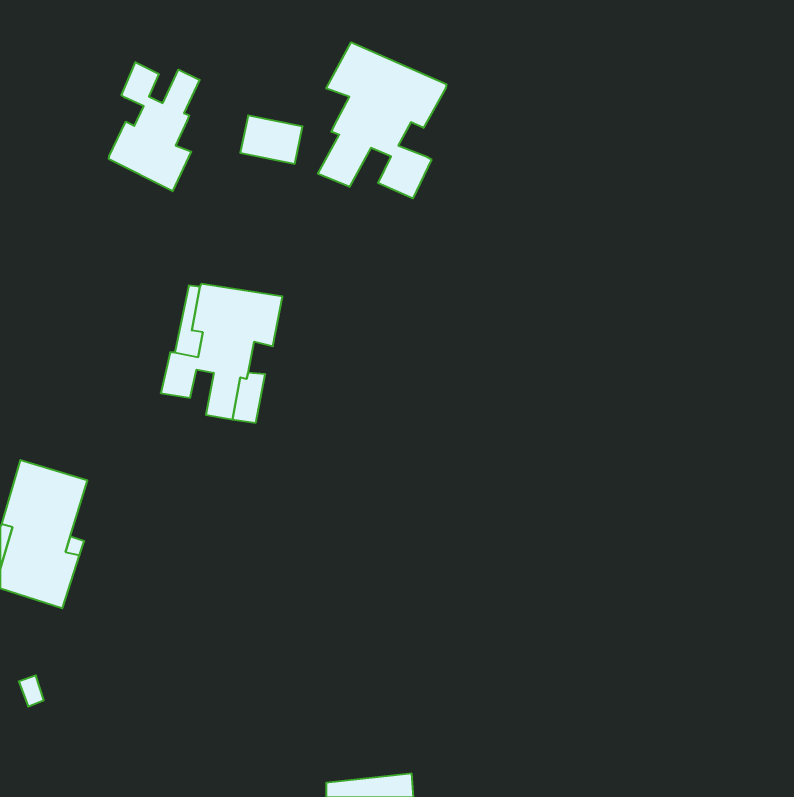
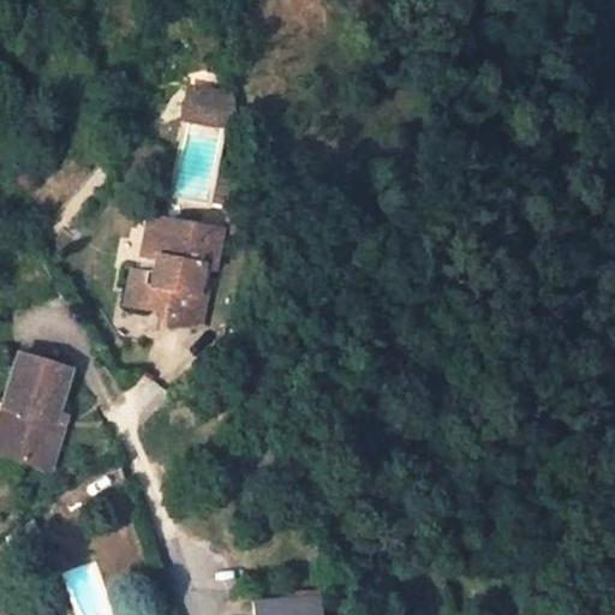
building: [318,42,446,198] -> none
building: [109,62,200,191] -> none

